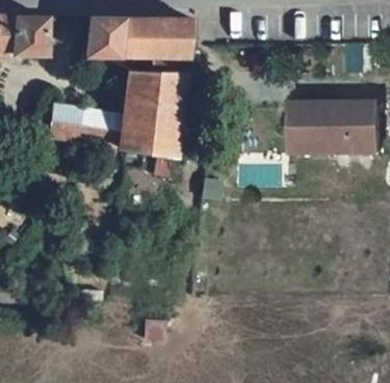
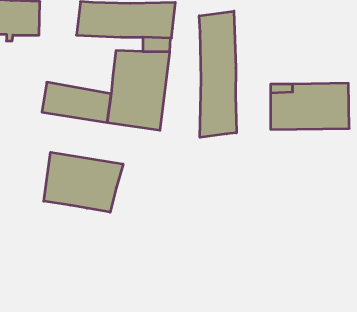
building: none -> [199,11,237,137]
building: none -> [44,152,123,212]

